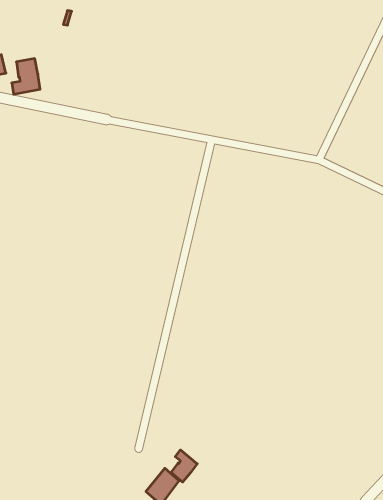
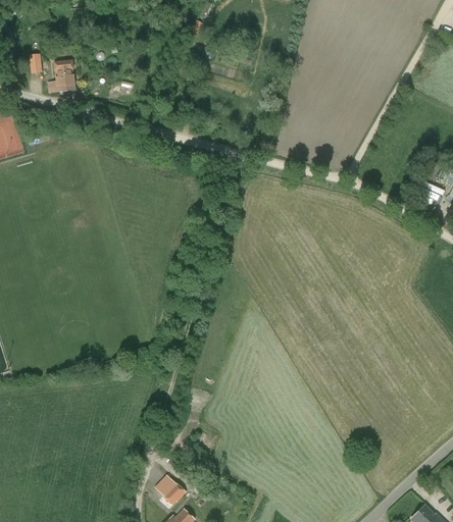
building: [171,450,197,482] -> none

